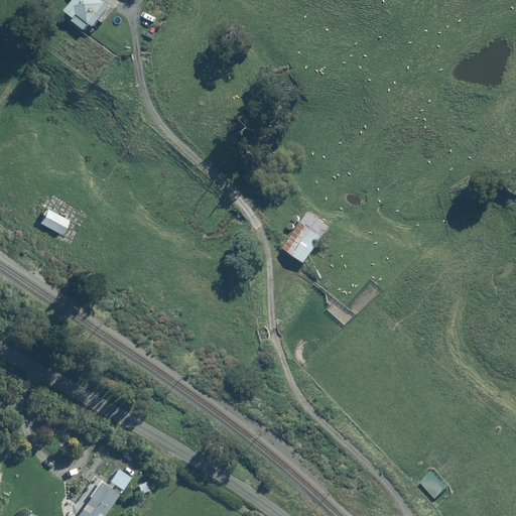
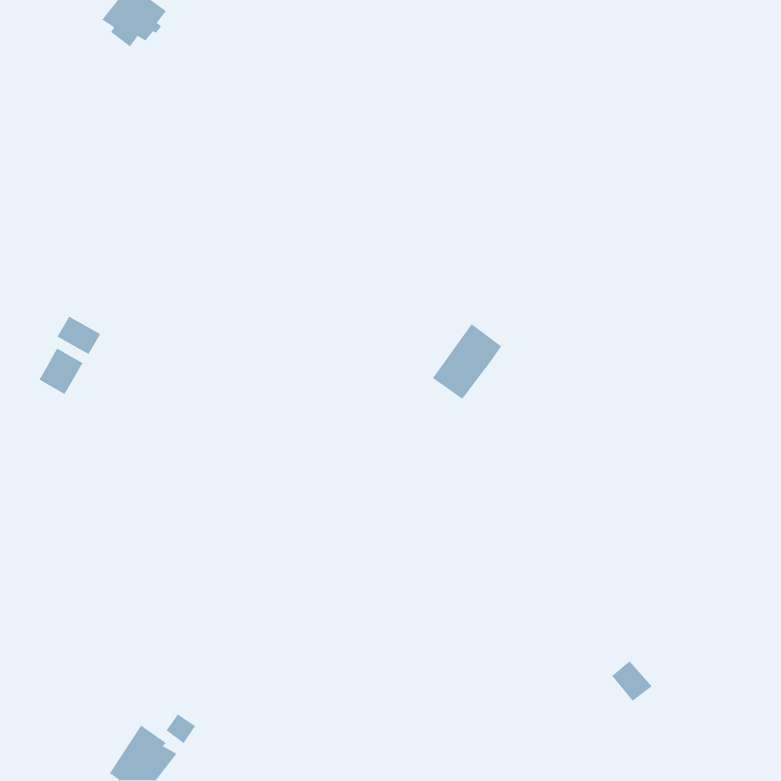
building: none -> [38,348,83,395]
building: [421,472,448,499] -> [611,661,652,702]

